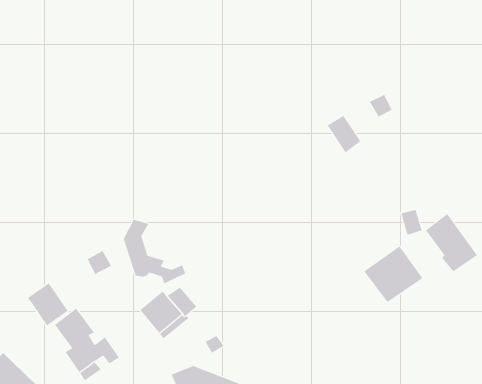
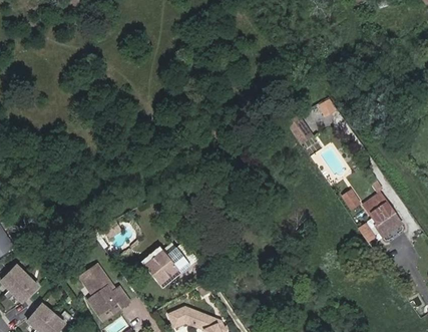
building: [123,219,186,284] -> none
building: [364,245,423,303] -> none
building: [27,283,69,326] -> none

